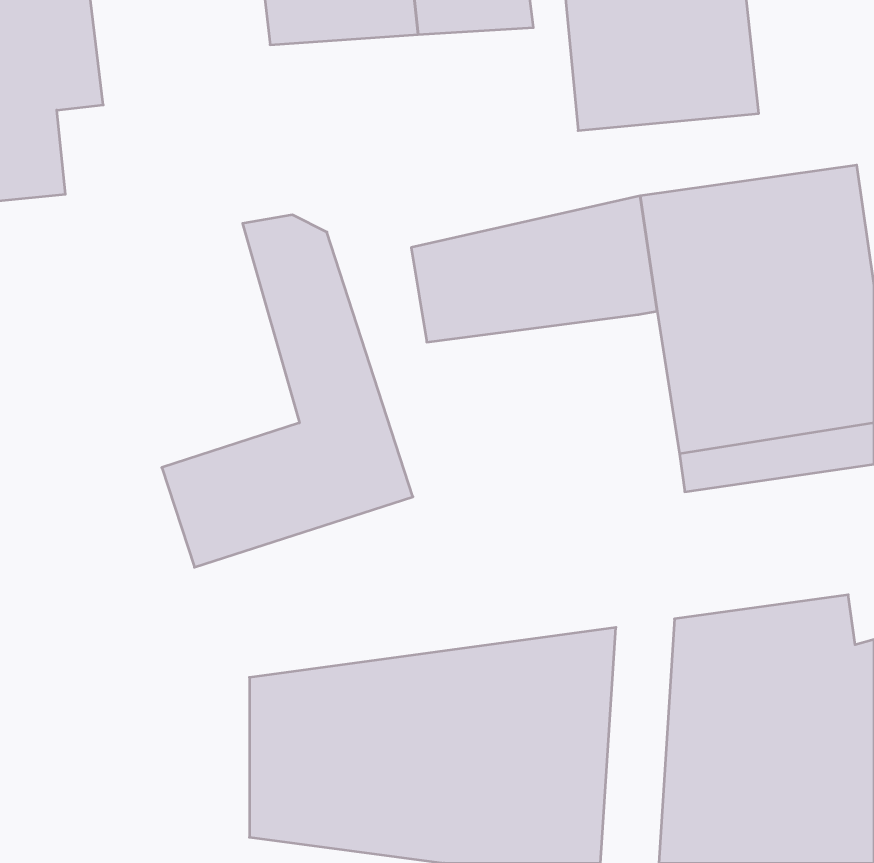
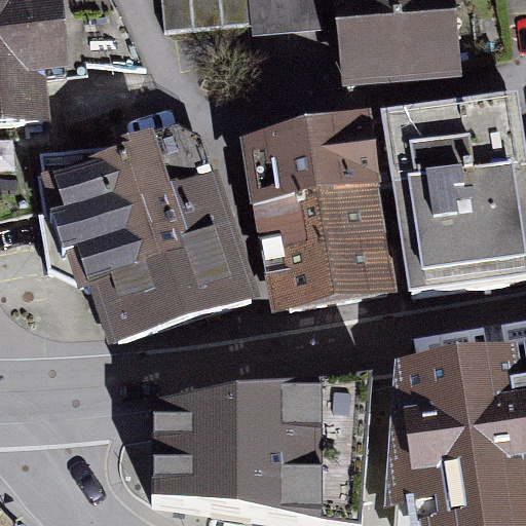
building: none -> [37,134,179,283]
building: none -> [255,188,388,307]

